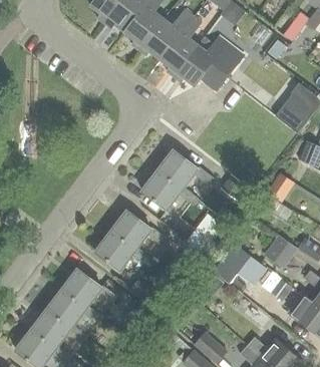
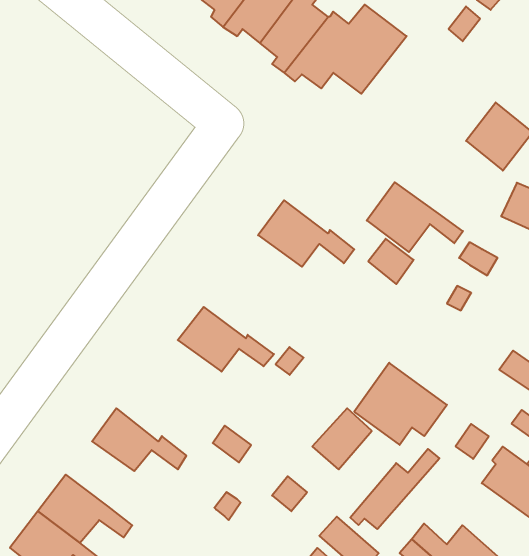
building: [142,168,198,209] -> [367,182,463,252]
building: [96,229,151,269] -> none
building: [264,233,297,266] -> none
building: [48,287,102,324] -> none
building: none -> [350,449,439,529]

